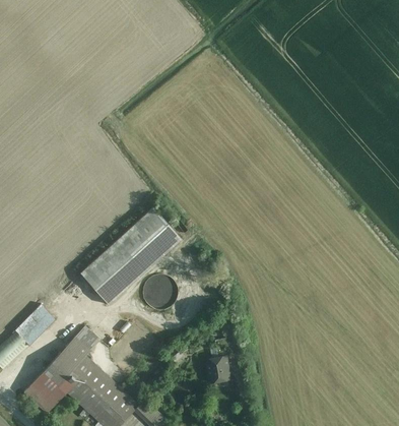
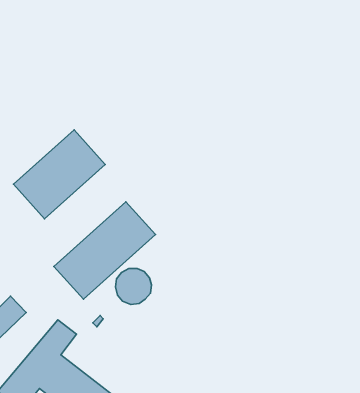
building: none -> [14,130,105,219]
building: [207,353,234,384] -> none

